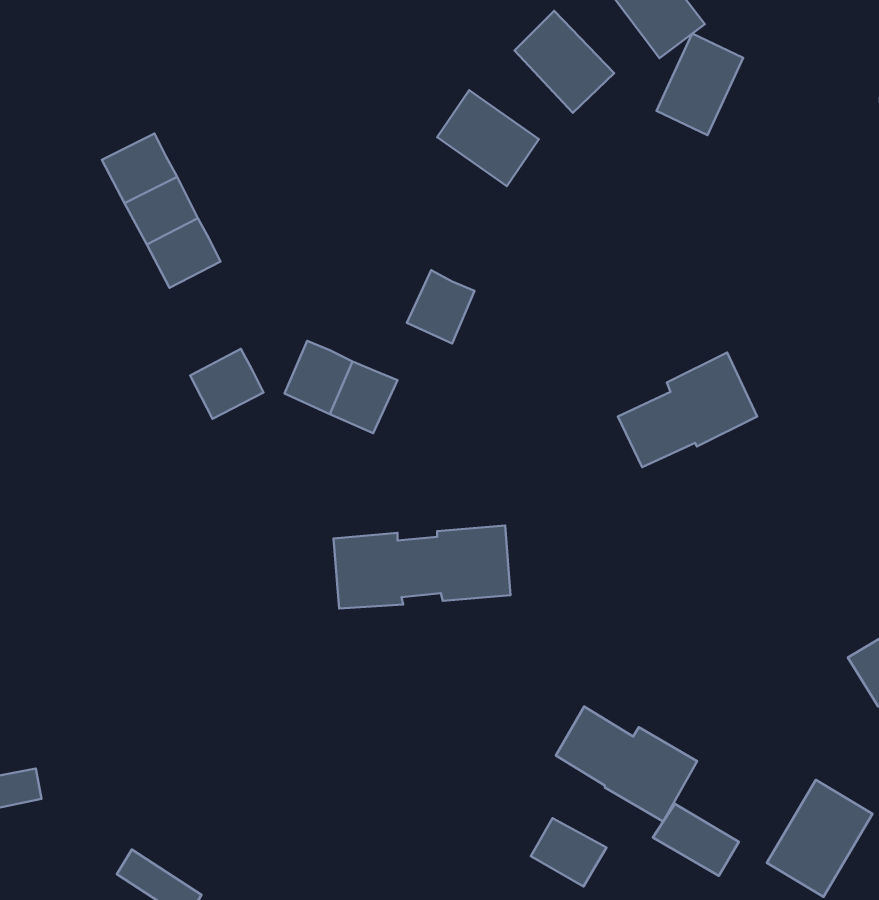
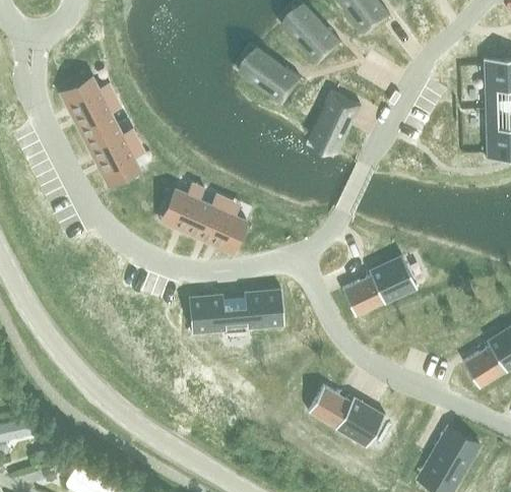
building: [656,33,743,135] -> [312,93,359,147]
building: [407,270,475,344] -> [210,210,247,250]
building: [190,349,264,419] -> [101,146,140,184]
building: [618,352,757,467] -> [342,254,418,316]
building: [653,804,739,876] -> none
building: [531,818,607,887] -> none

